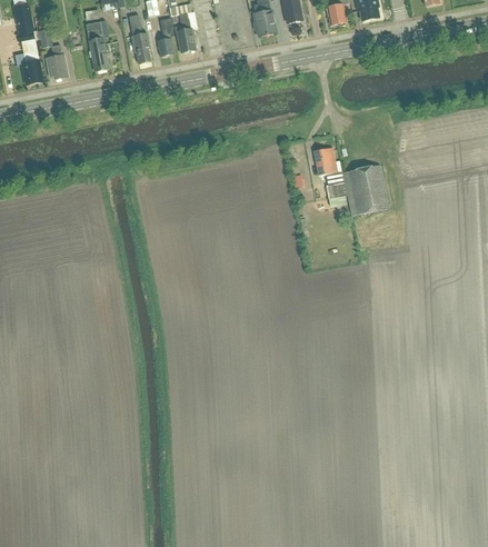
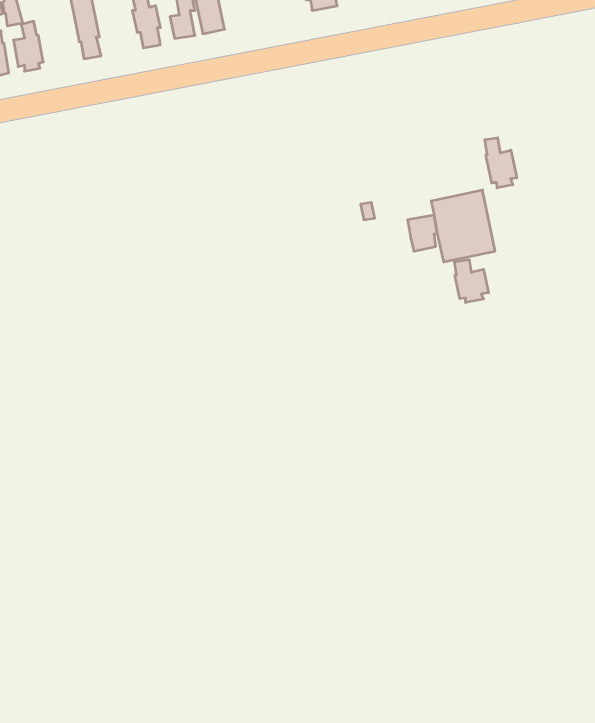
building: none -> [485,138,517,188]
building: [313,147,337,175] -> none
building: none -> [455,260,489,303]

